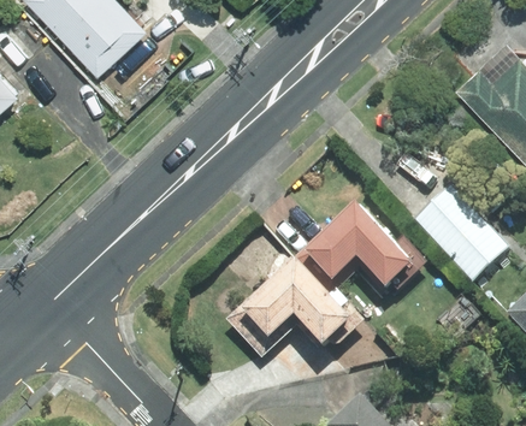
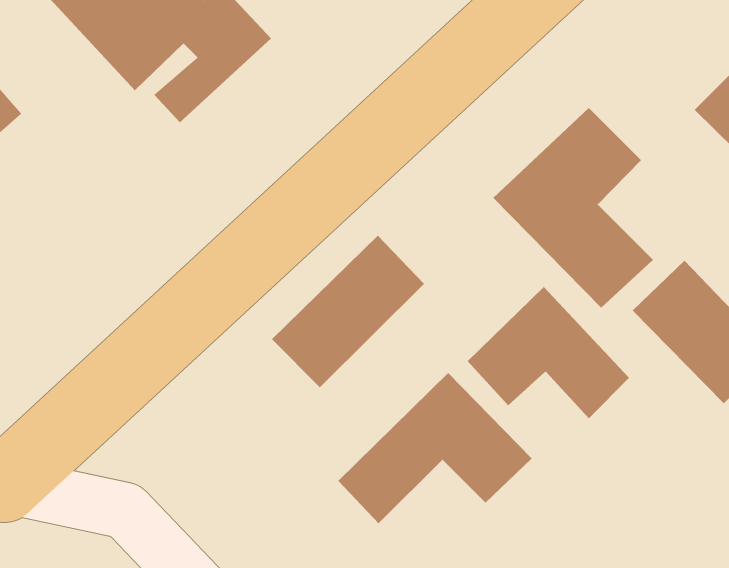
building: none -> [493,107,654,309]
building: none -> [271,235,425,388]

